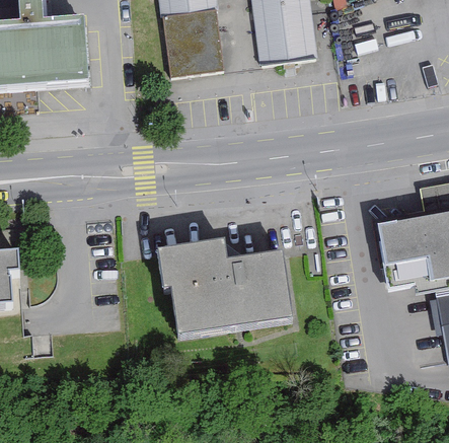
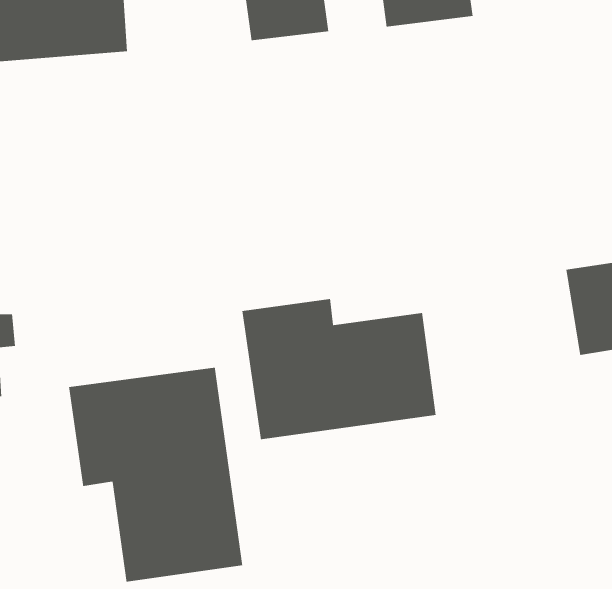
building: none -> [69,367,243,583]

